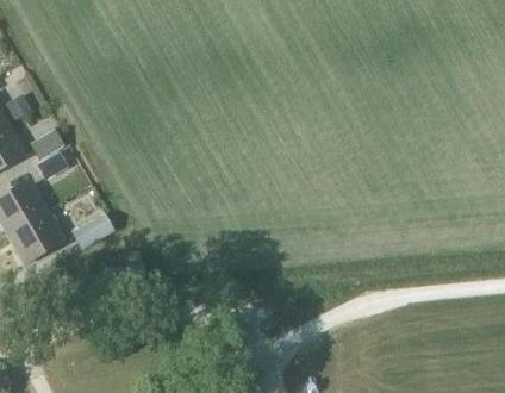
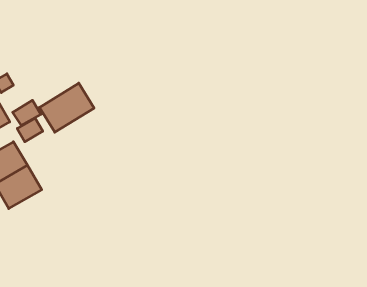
building: none -> [39,83,94,132]
building: [70,213,116,250] -> none

